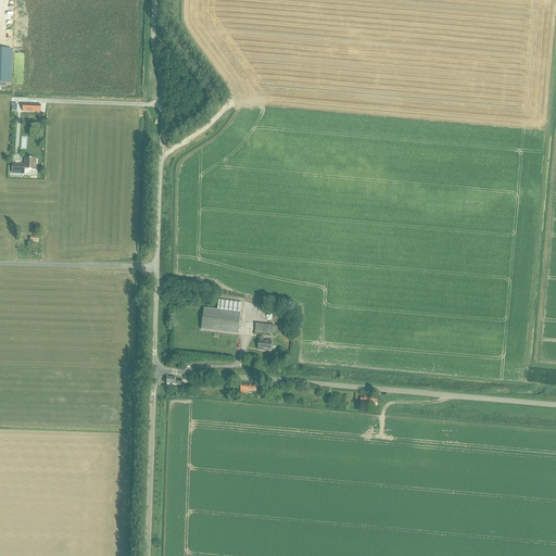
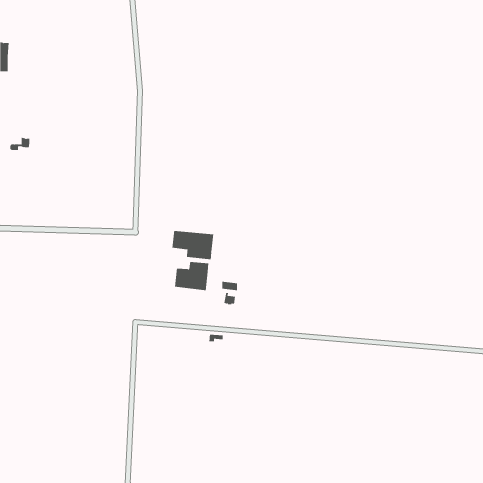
building: none -> [172,230,214,260]

